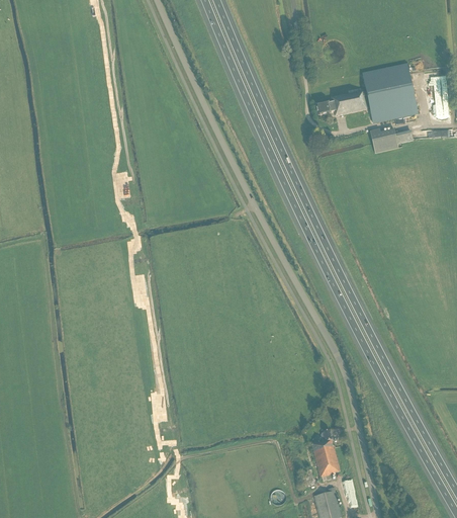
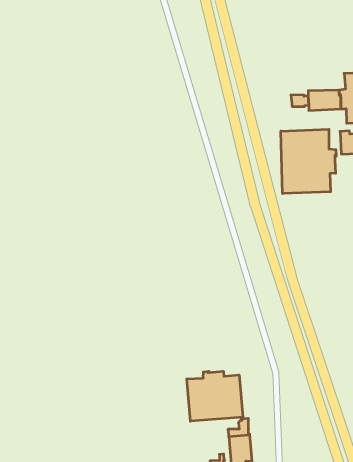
building: none -> [281,129,336,194]
building: none -> [187,371,243,421]

